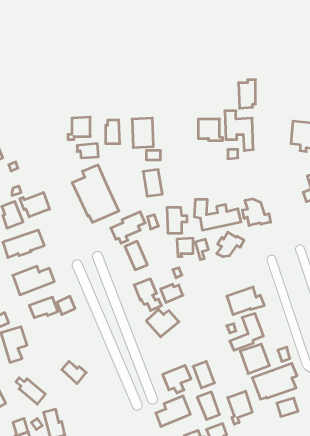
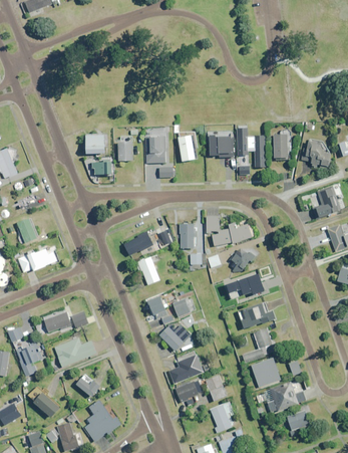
building: [238,80,256,108] -> [273,131,290,159]
building: [72,165,119,222] -> none
building: [143,170,162,196] -> [178,135,197,161]
building: [20,192,50,217] -> none
building: [242,199,271,226] -> none
building: none -> [234,272,261,301]
building: [13,266,54,295] -> [54,338,95,367]
building: none -> [81,400,120,442]
building: [228,391,252,424] -> none
building: [156,396,190,426] -> [168,354,203,384]

